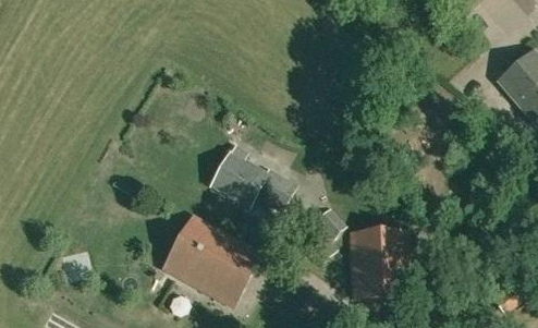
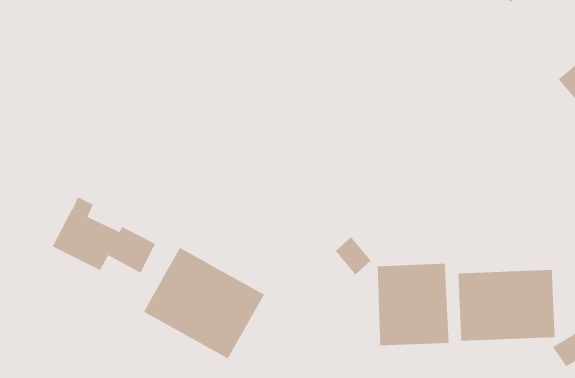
building: [210,146,294,208] -> [52,197,156,274]
building: none -> [458,269,555,341]

